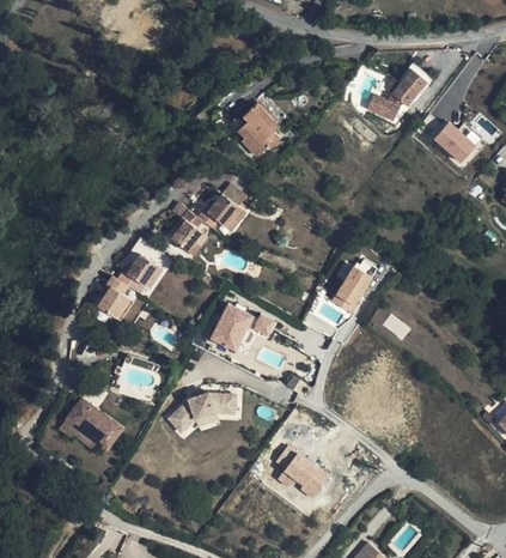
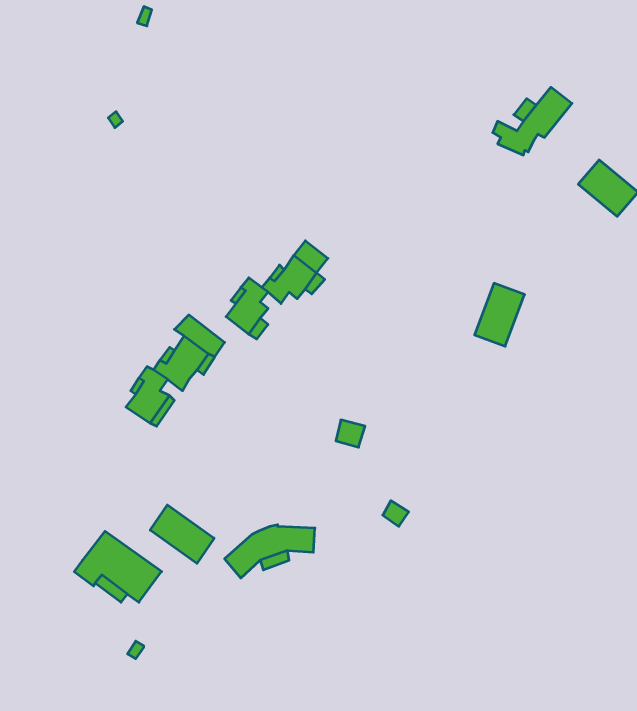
building: [239,103,281,156] -> none
building: [334,266,371,313] -> [475,283,525,346]
building: [209,302,255,352] -> none
building: none -> [150,505,214,563]
building: [275,444,330,501] -> none

